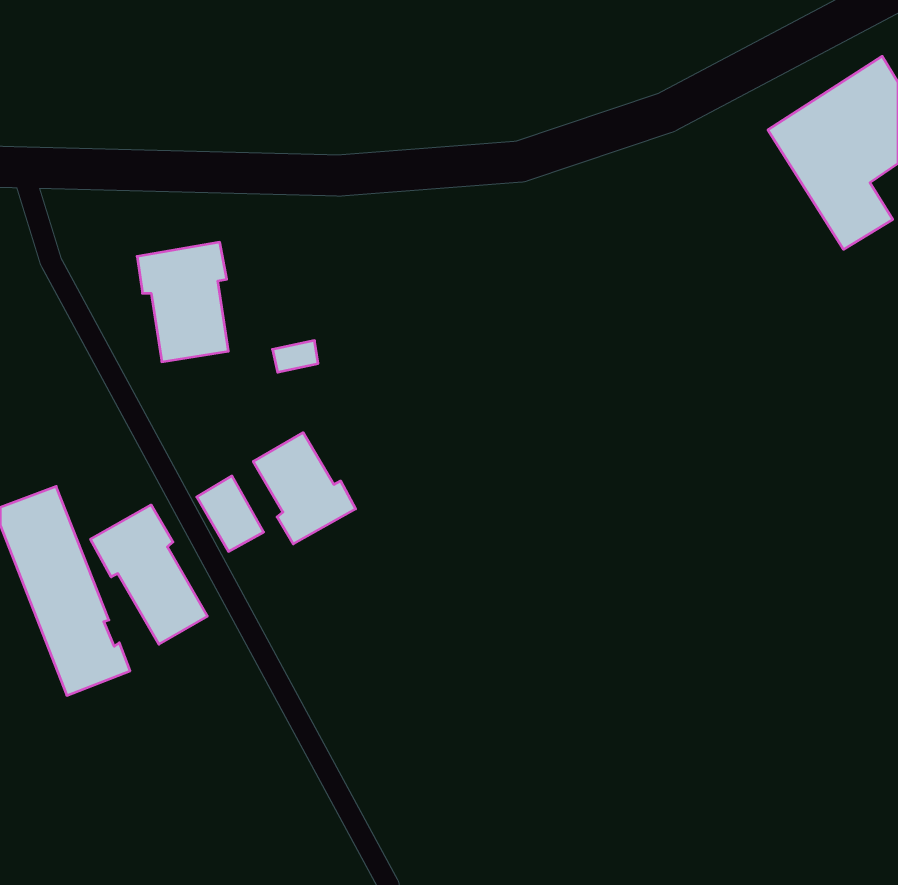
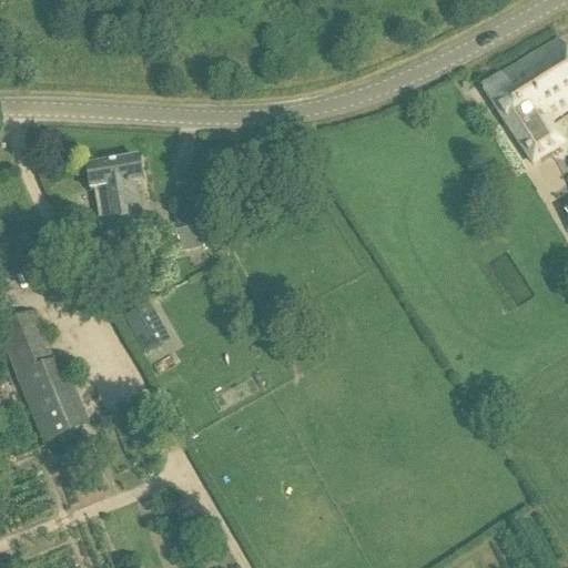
building: [253,433,356,544] -> none
building: [91,505,207,644] -> none

